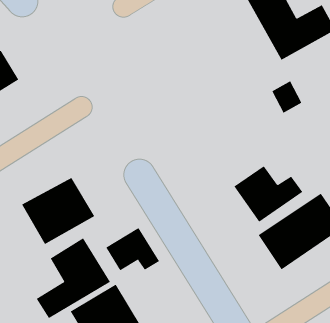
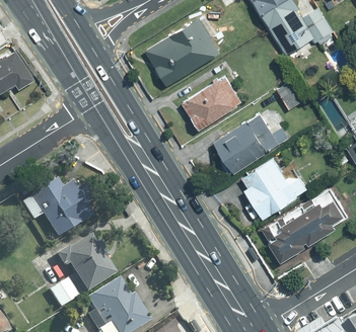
building: none -> [142,17,218,85]
building: none -> [180,76,239,130]
building: none -> [214,112,285,171]
building: [105,227,160,271] -> none

